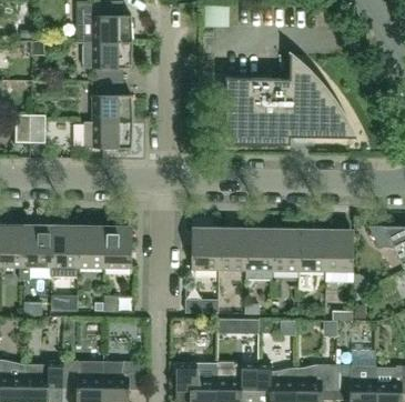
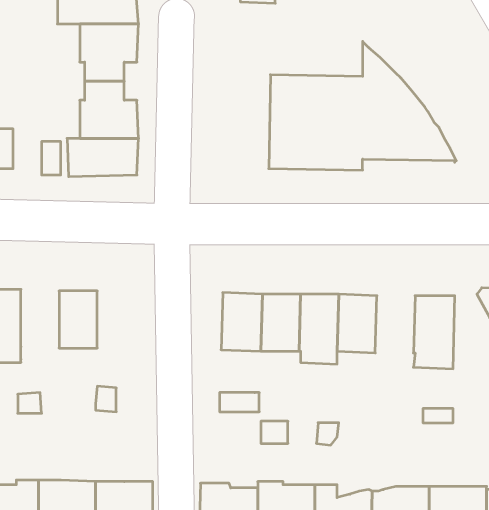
building: [51,225,78,275] -> none
building: [104,227,132,267] -> none
building: [298,230,326,270] -> none

